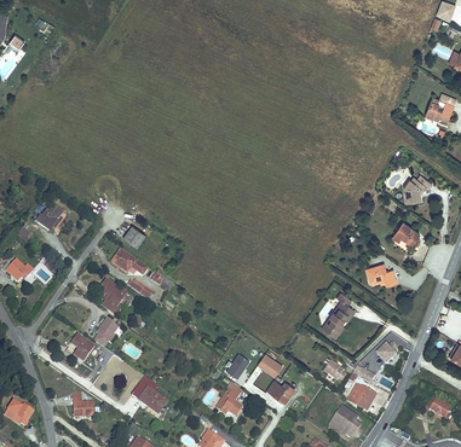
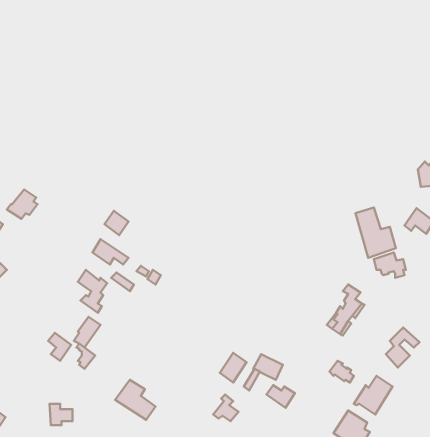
building: none -> [355,207,396,258]

